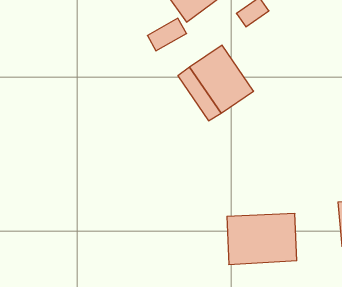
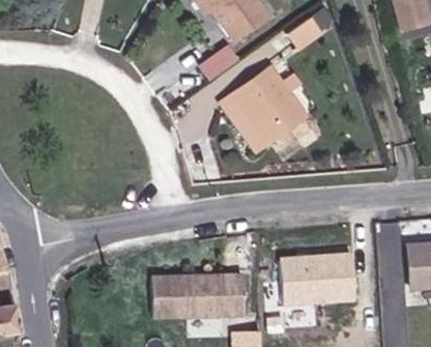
building: none -> [150,272,242,319]

